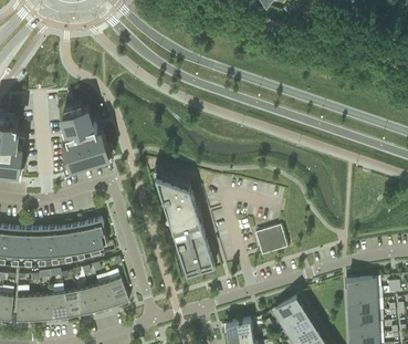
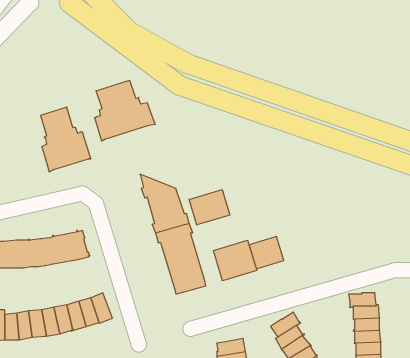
building: none -> [95,80,155,141]
building: none -> [189,190,230,225]
building: none -> [213,240,257,281]

